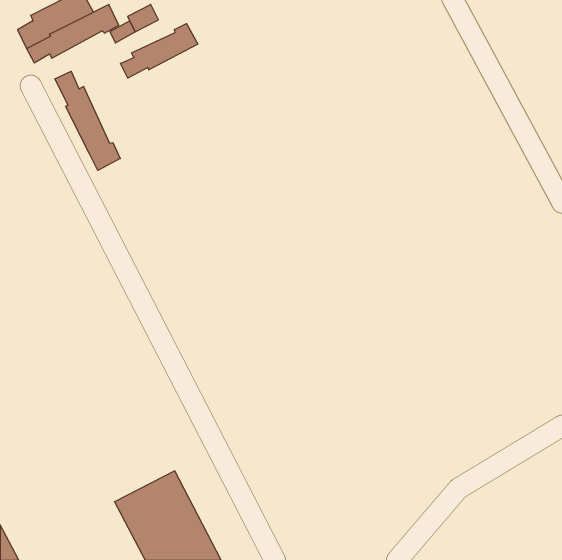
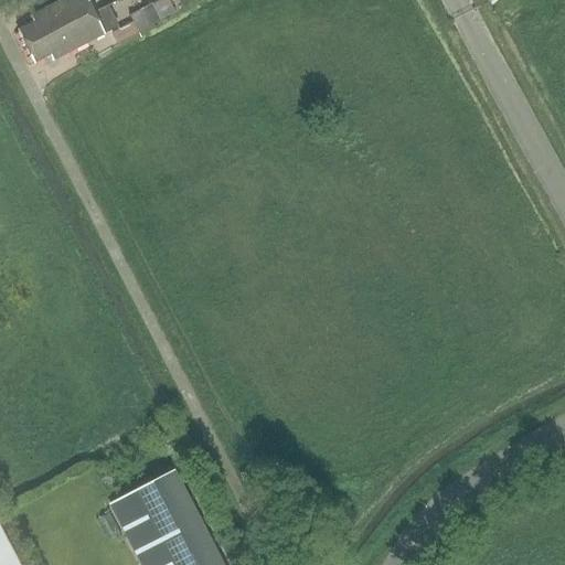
building: [120,24,198,78] -> none
building: [55,71,120,170] -> none

